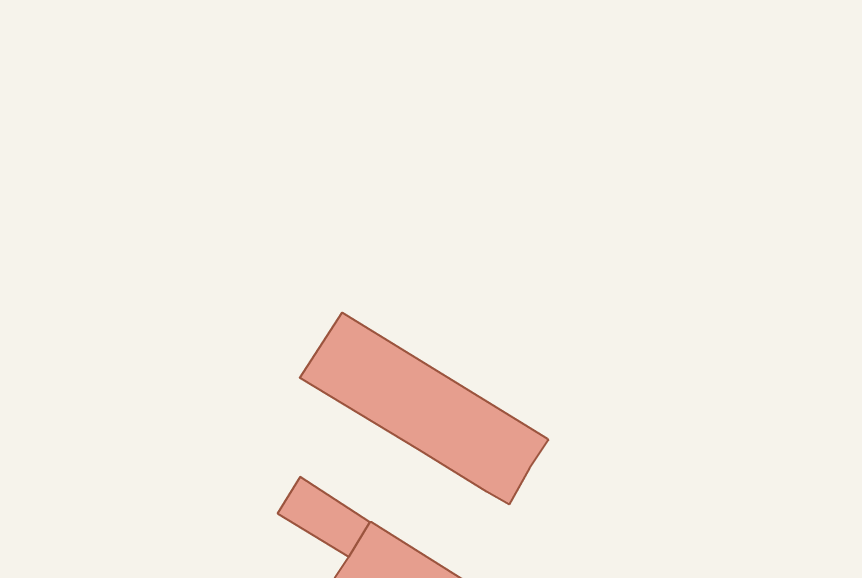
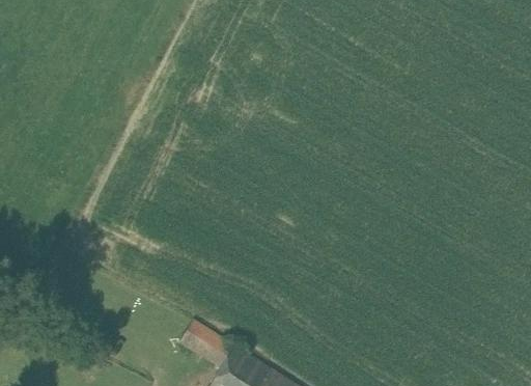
building: [300,313,548,504] -> none

